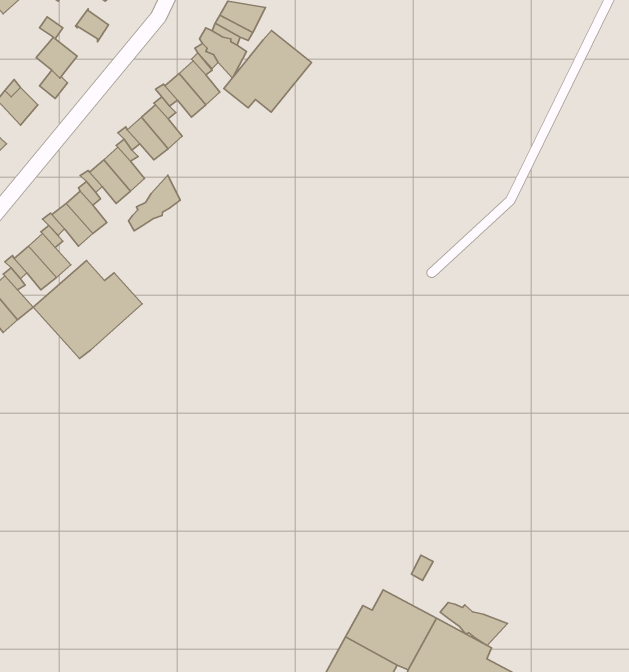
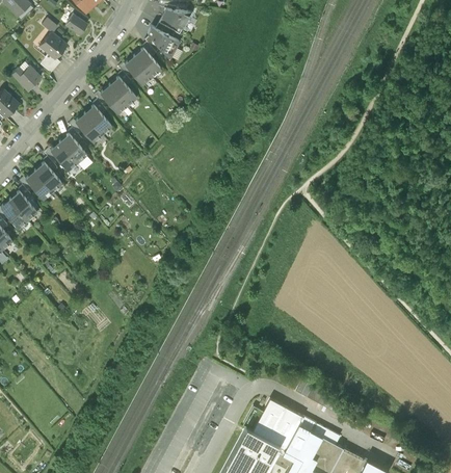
building: [224,31,312,112] -> none
building: [129,175,180,231] -> none
building: [33,260,142,359] -> none
building: [440,602,507,646] -> none

